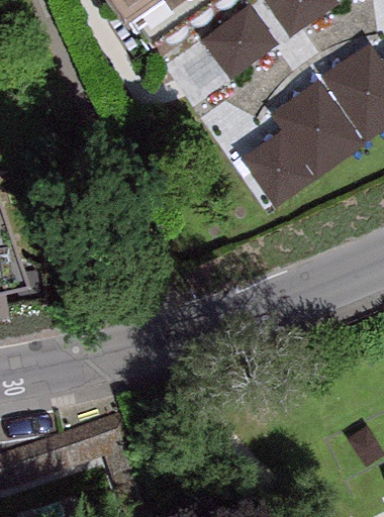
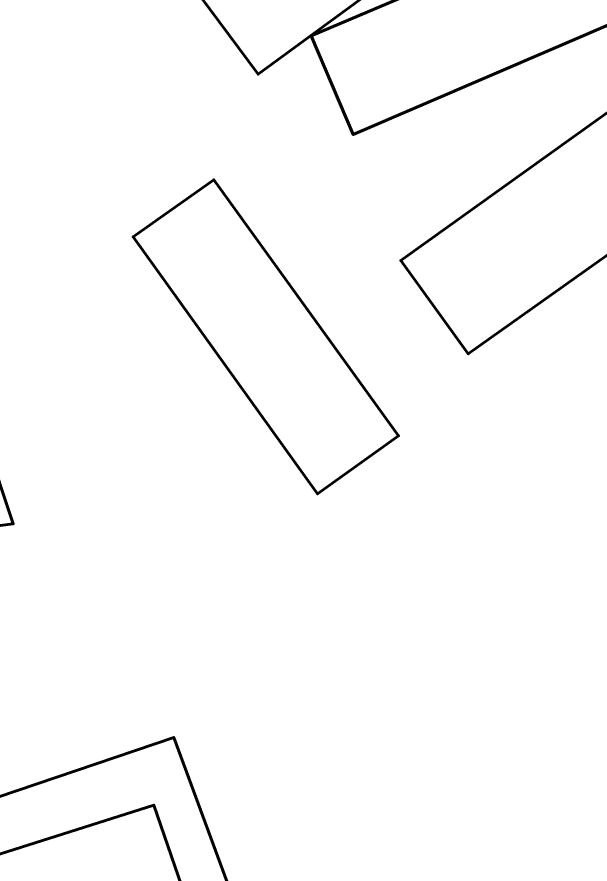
building: none -> [133,180,399,494]

